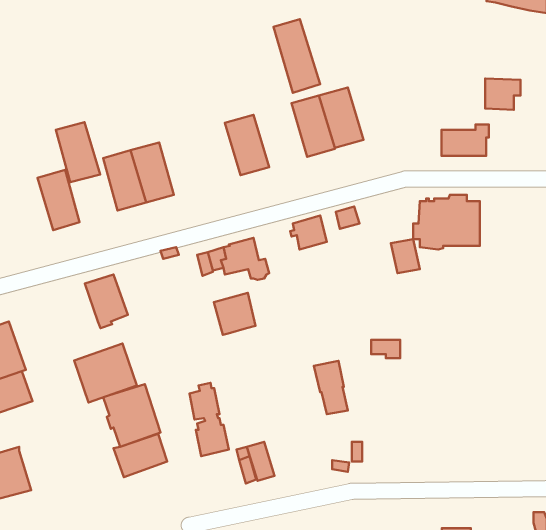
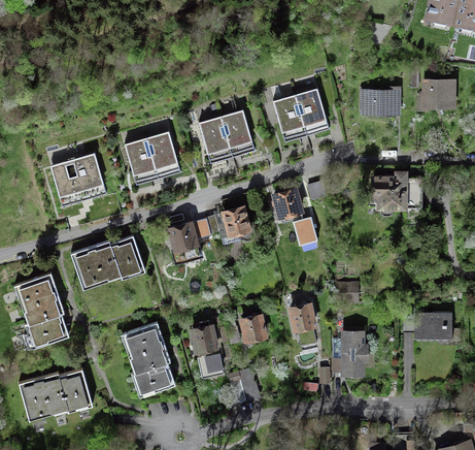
building: [273,19,320,93] -> none
building: [56,122,100,182] -> [49,159,84,206]
building: none -> [198,116,232,164]
building: [442,125,489,156] -> [361,87,398,111]
building: [391,239,420,273] -> [294,213,316,239]
building: [214,293,256,335] -> [166,222,199,255]
building: [74,344,137,402] -> [70,239,120,286]
building: none -> [402,308,459,341]
building: none -> [240,313,264,340]
building: none -> [332,332,365,378]
building: none -> [58,368,92,410]

